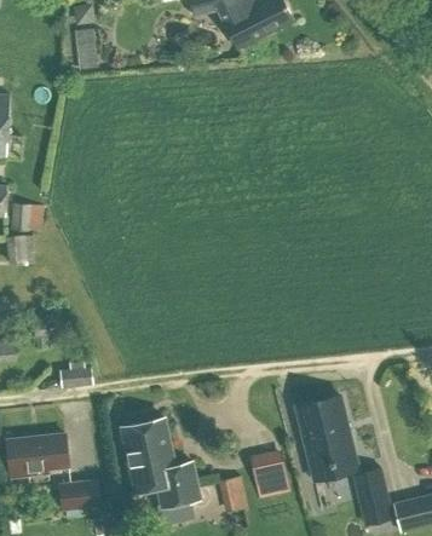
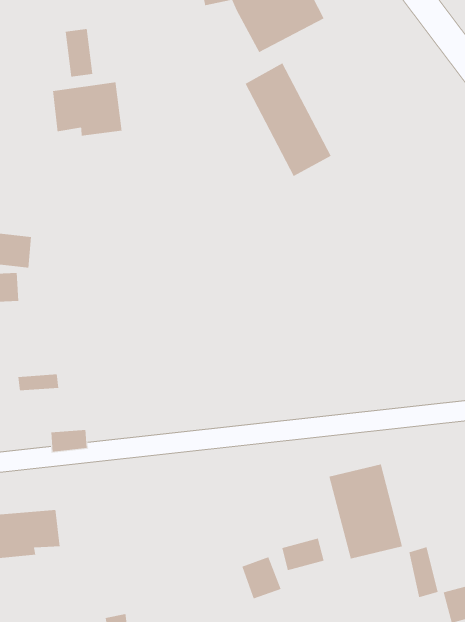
building: none -> [245,63,331,177]
building: none -> [53,81,122,136]
building: [122,419,201,507] -> none
building: [58,477,102,509] -> none

